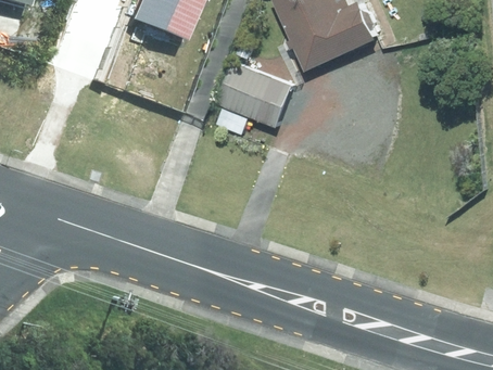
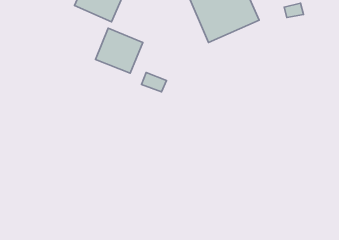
building: [217,61,281,122] -> [95,28,143,73]

